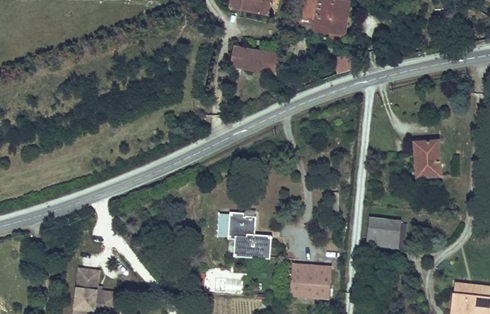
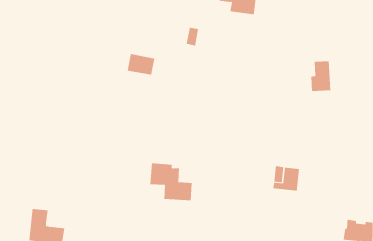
building: [232,42,266,68] -> [127,54,155,75]
building: [416,138,441,175] -> [310,61,331,91]
building: [290,264,330,299] -> none

